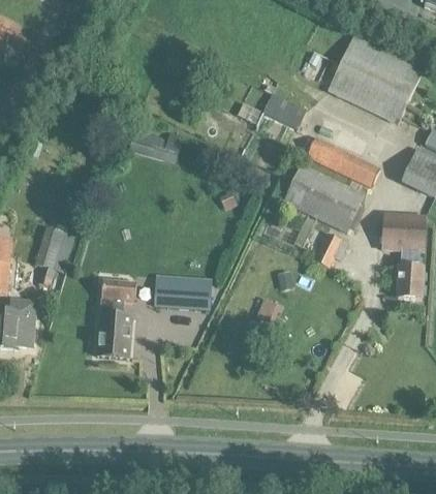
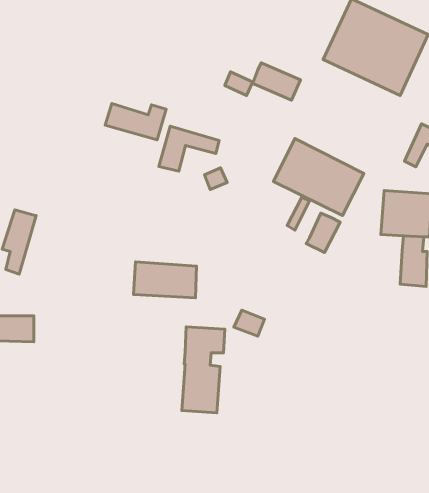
building: [307,135,380,187] -> none
building: none -> [159,126,219,171]
building: [97,279,136,358] -> [182,327,225,413]

